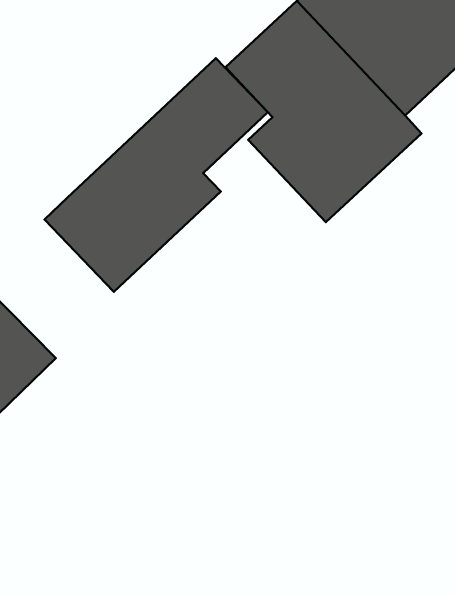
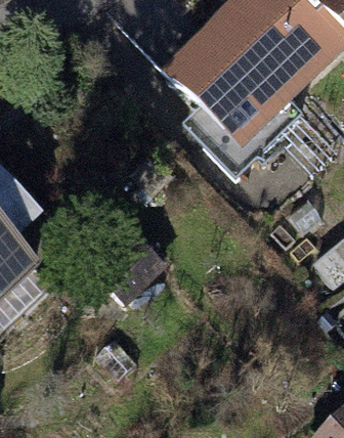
building: [45,58,268,292] -> none

